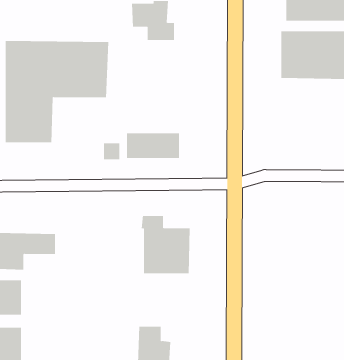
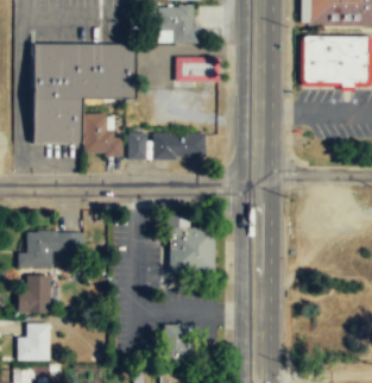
building: none -> [175,56,216,81]
building: none -> [83,113,124,155]

